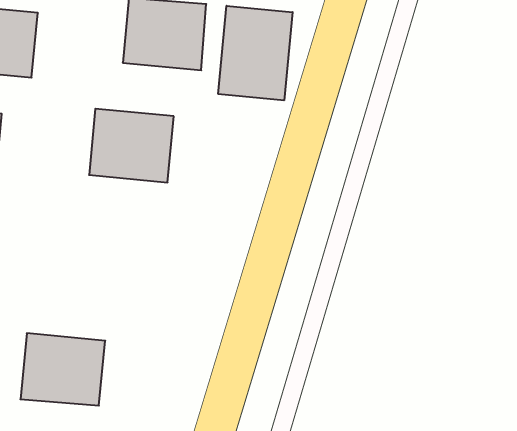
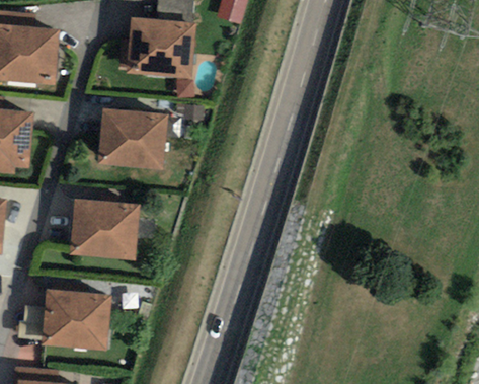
building: [218,6,293,100] -> none
building: none -> [71,199,140,257]

